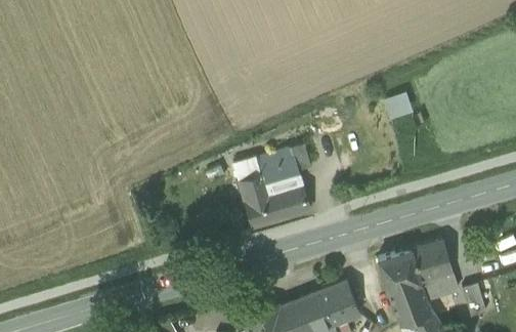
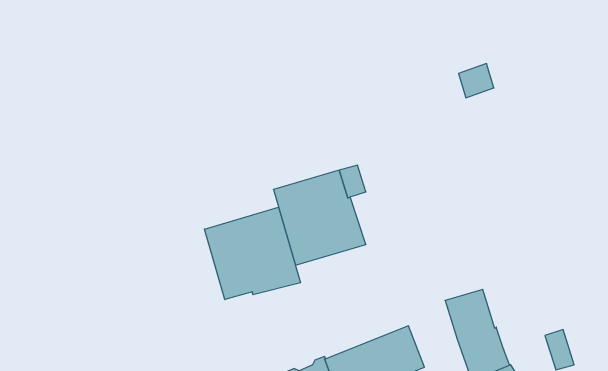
building: [385,91,415,120] -> [459,64,494,98]
building: none -> [204,207,301,300]
building: [408,240,457,300] -> none

